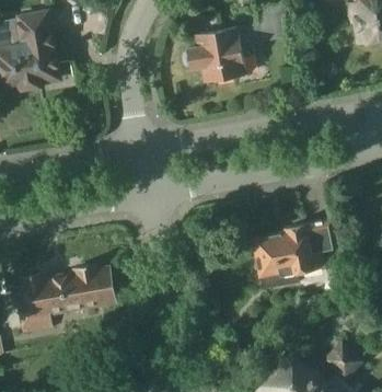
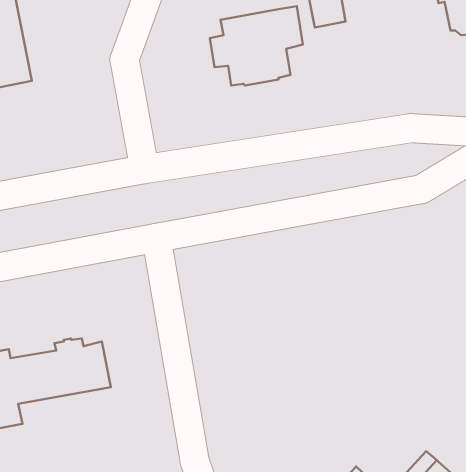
building: [255,217,338,289] -> none

